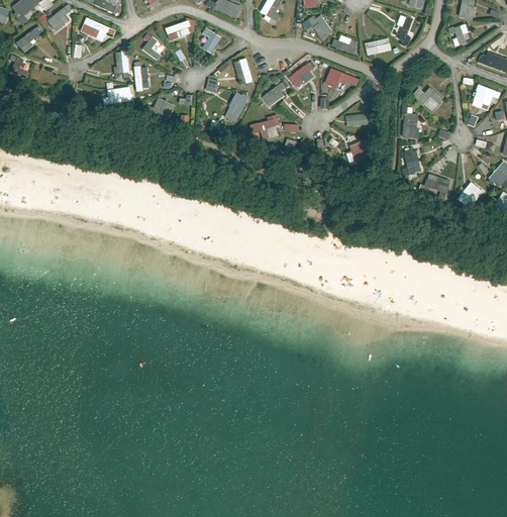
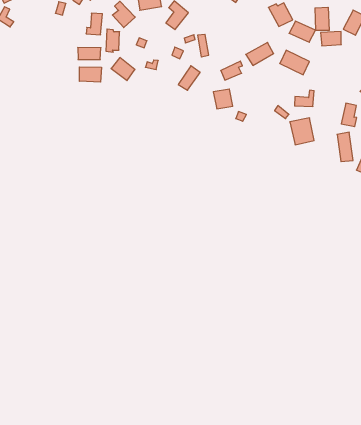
building: none -> [315,7,329,30]
building: none -> [79,67,101,82]

